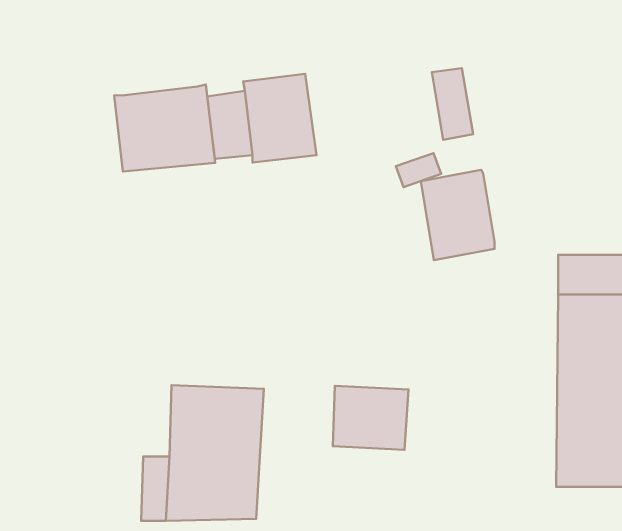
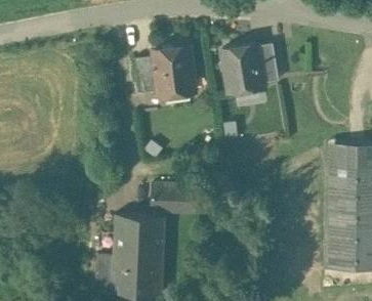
building: [114,84,215,172] -> none
building: [421,170,494,260] -> [222,44,262,93]
building: [333,386,408,450] -> [151,180,192,215]

